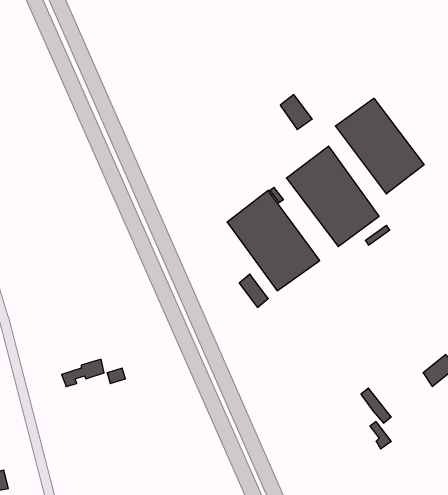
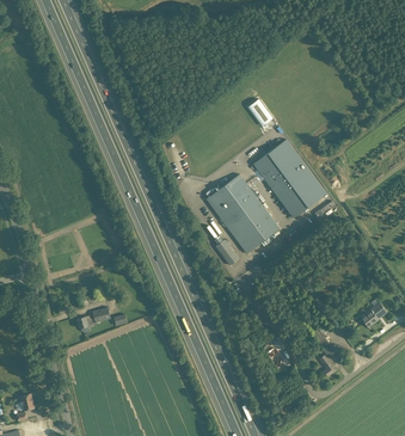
building: [335,98,424,194] -> none

